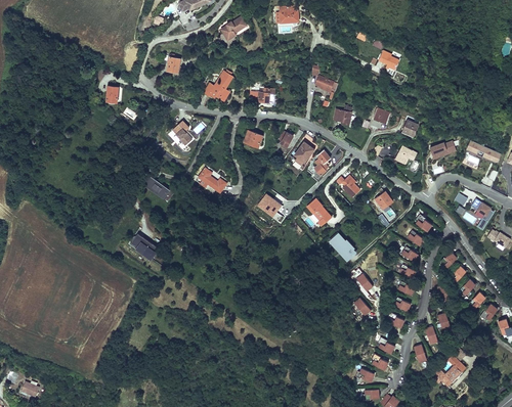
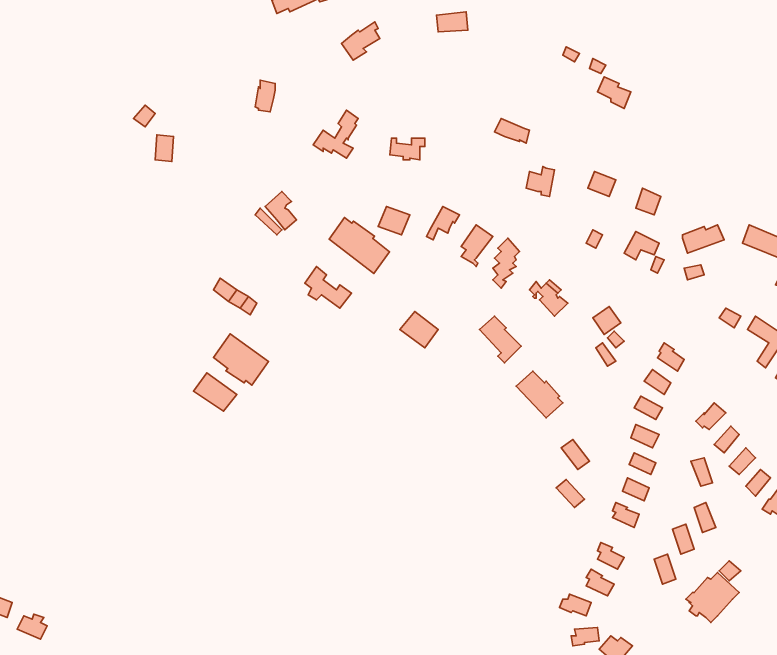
building: none -> [329,218,389,273]
building: none -> [214,334,268,385]

